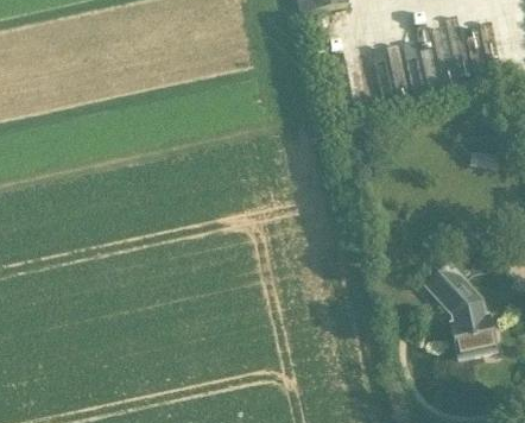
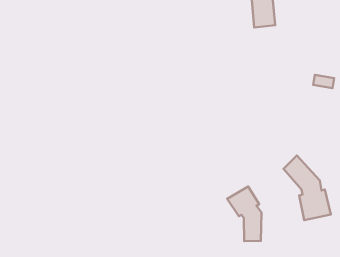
building: none -> [227,186,261,241]

